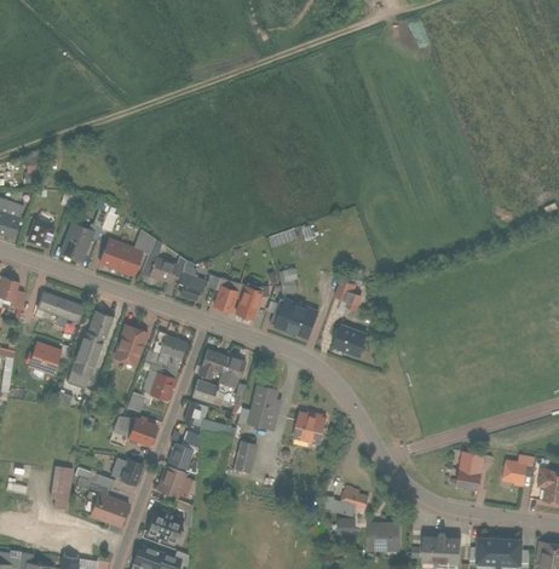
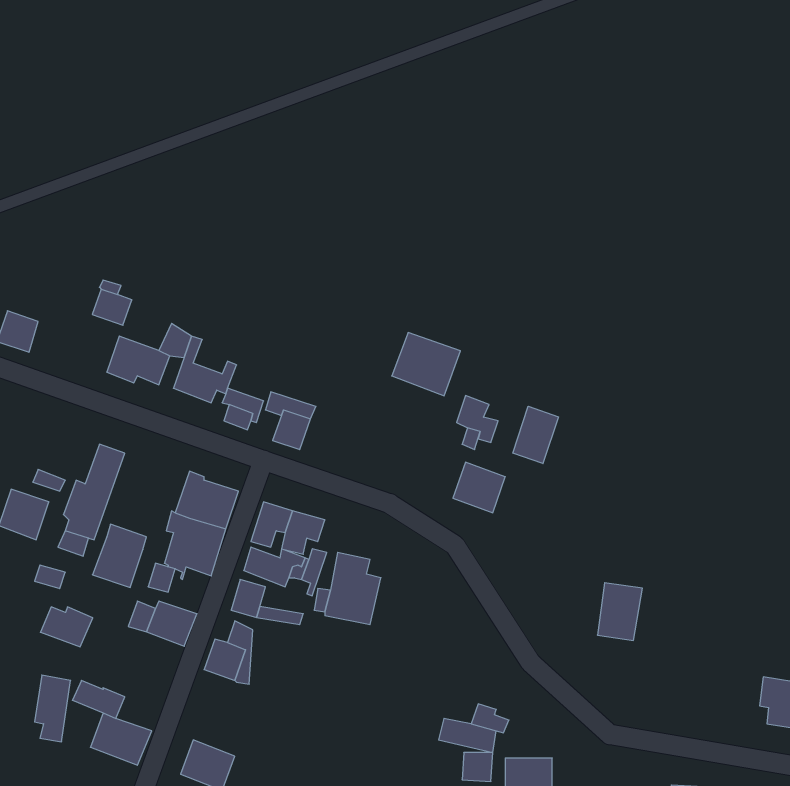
building: [60,223,96,263] -> none
building: none -> [513,406,558,464]
building: [234,287,263,322] -> none
building: [33,293,82,328] -> none
building: [272,298,318,340] -> [392,333,460,396]
building: [111,324,148,367] -> [92,524,146,587]
building: [292,410,327,444] -> none
building: [231,441,255,472] -> none
building: [454,452,484,490] -> [597,583,642,640]
building: [502,454,534,483] -> none
building: [109,460,144,487] -> [40,607,93,647]
building: [157,466,195,499] -> none

